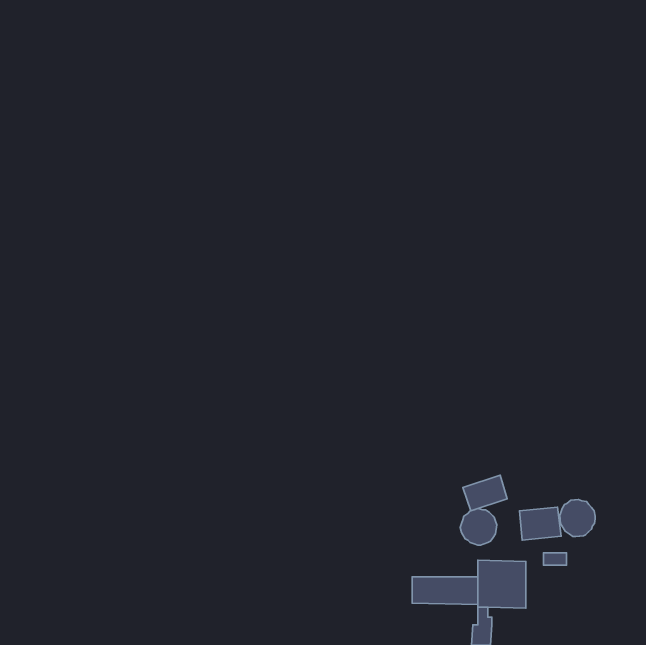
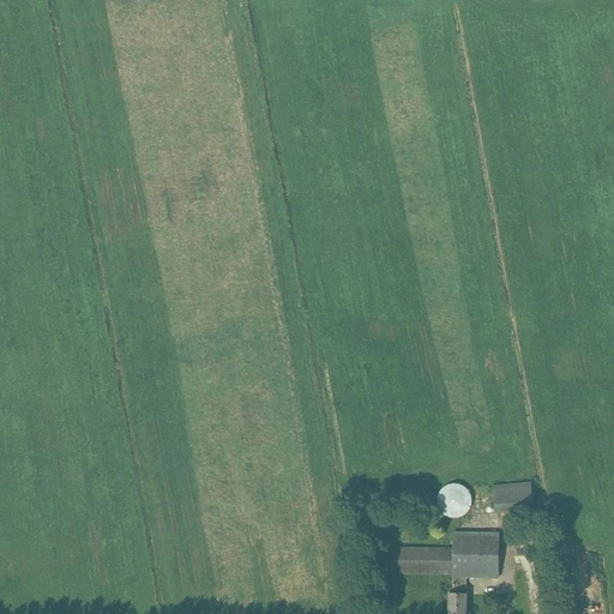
building: [463,475,507,511] -> none
building: [560,499,595,537] -> none

